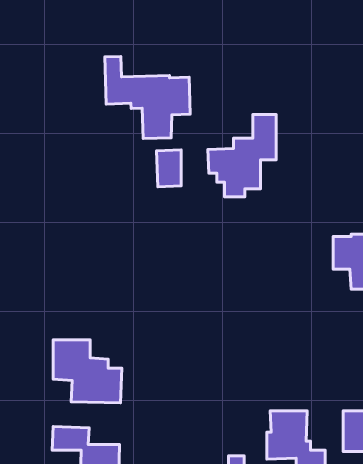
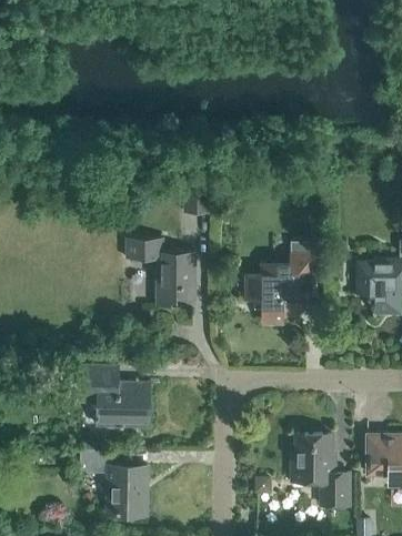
building: [105,56,190,139] -> none
building: [208,115,276,197] -> [247,242,314,323]
building: none -> [127,239,197,305]

